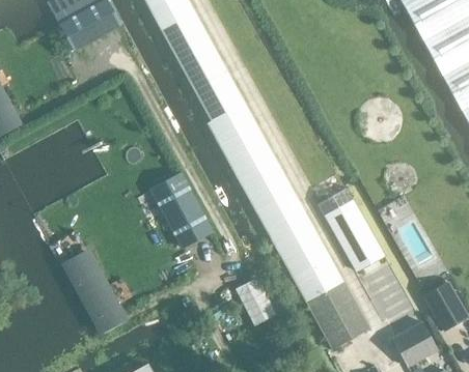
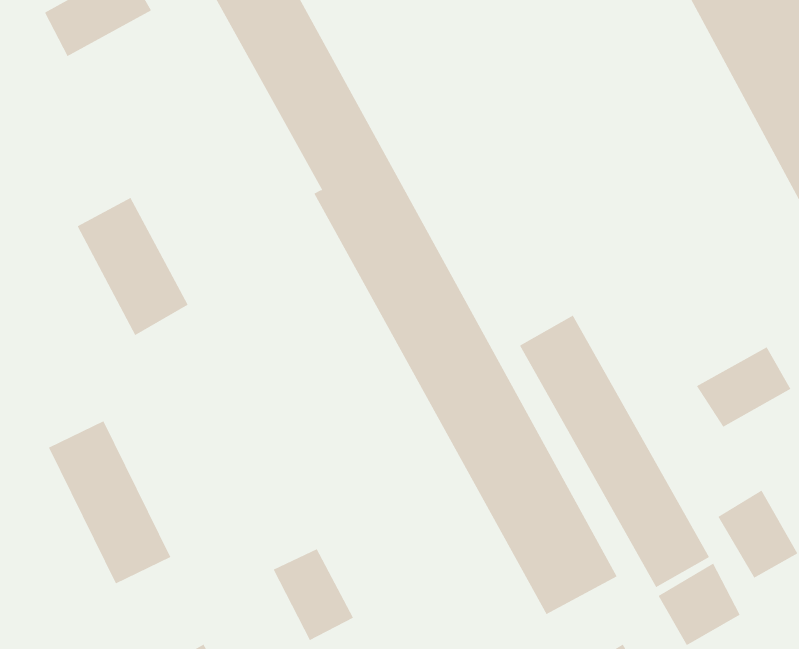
building: [150,173,211,248] -> [77,197,189,336]
building: none -> [696,346,791,428]
building: [236,274,279,323] -> [273,548,354,641]

